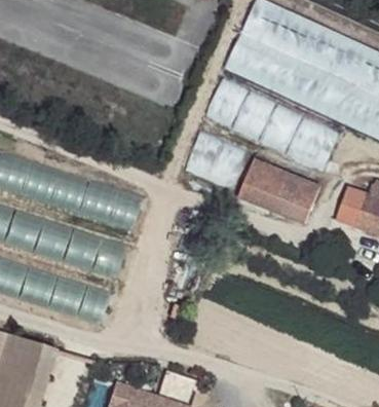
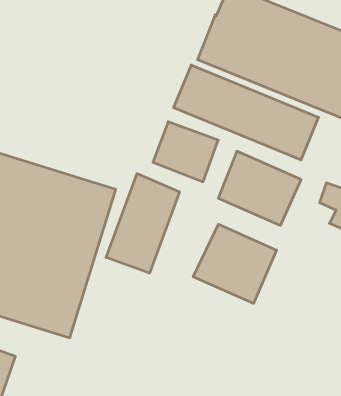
building: none -> [106,174,180,273]
building: none -> [193,224,277,303]

